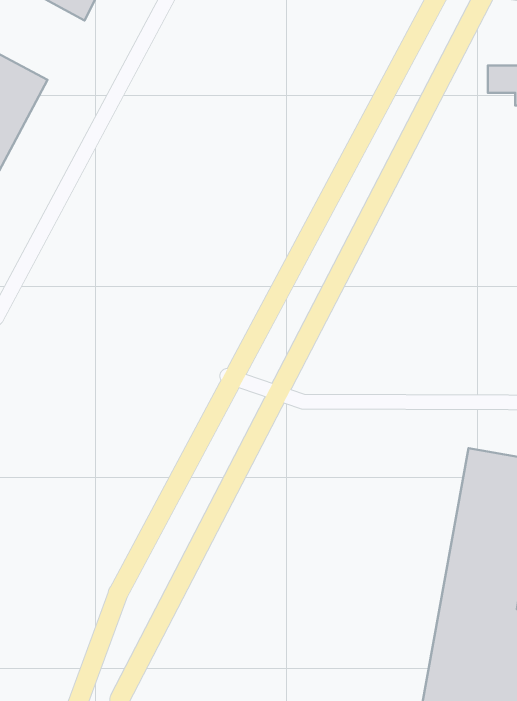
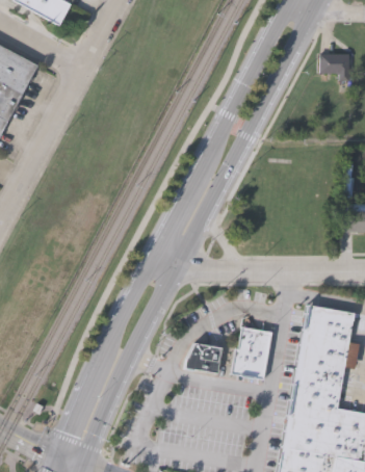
building: none -> [231,326,270,378]
building: none -> [186,344,223,372]

